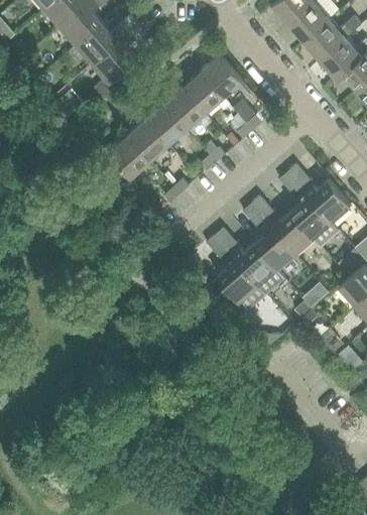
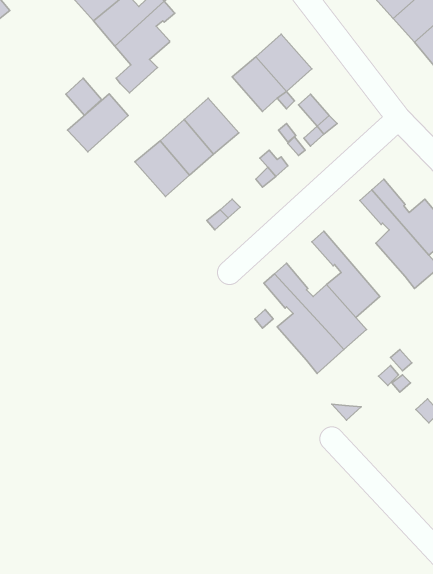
building: [164,87,206,129] -> none
building: none -> [67,94,128,152]
building: [252,197,314,253] -> none

